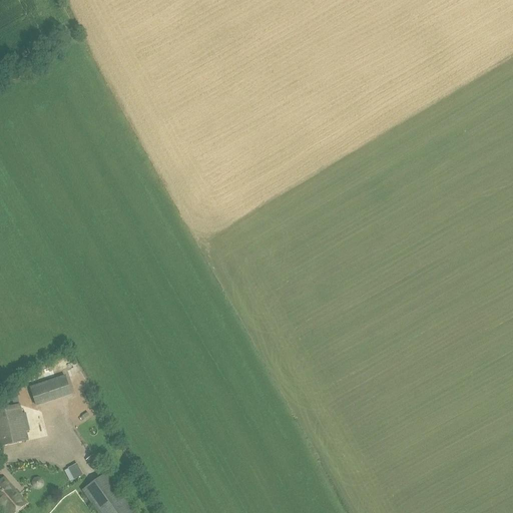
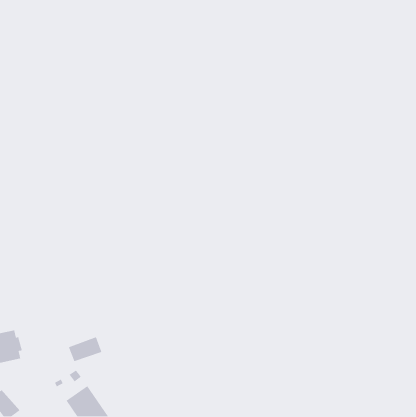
building: [28,375,70,407] -> [68,336,102,362]

